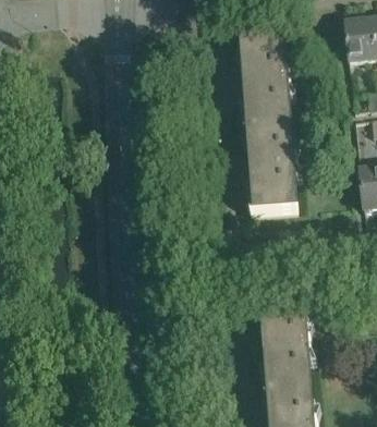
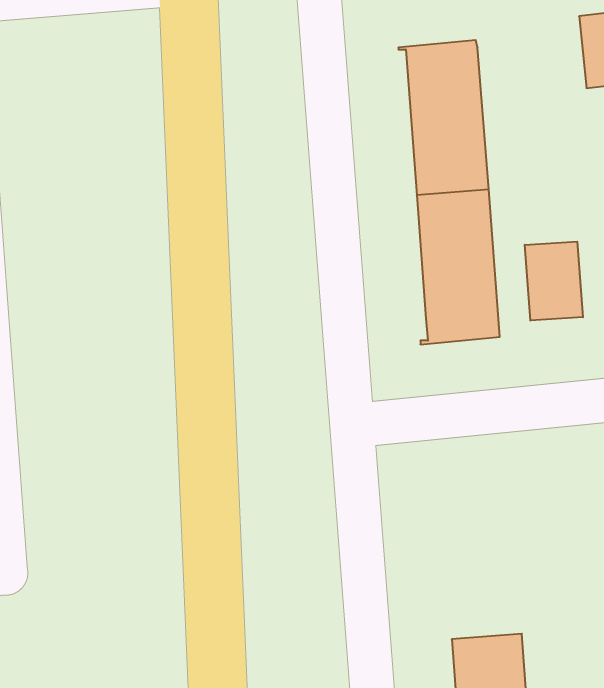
building: none -> [525,242,583,321]
building: [259,310,312,388] -> none

